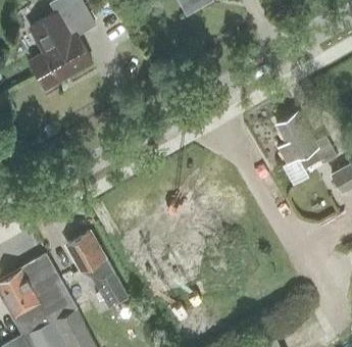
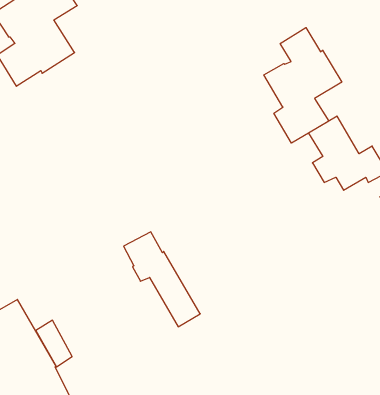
building: none -> [264,28,342,143]
building: [67,234,128,308] -> [124,232,200,327]

